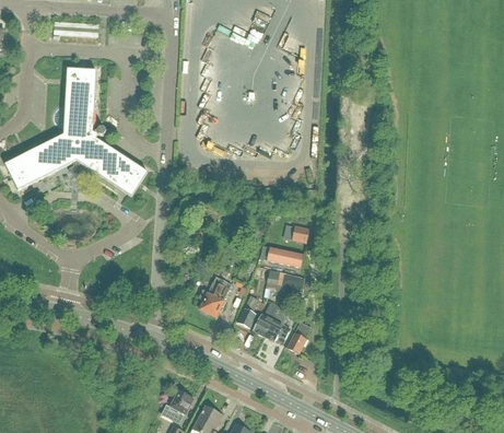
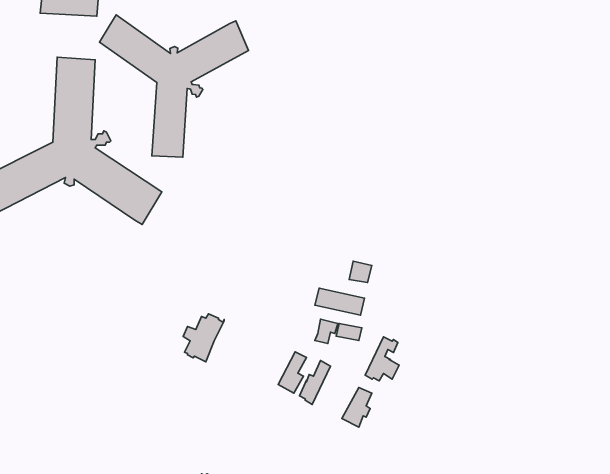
building: none -> [99,15,249,157]
building: [198,278,230,315] -> [183,314,224,362]
building: [262,305,289,339] -> [365,337,399,381]

